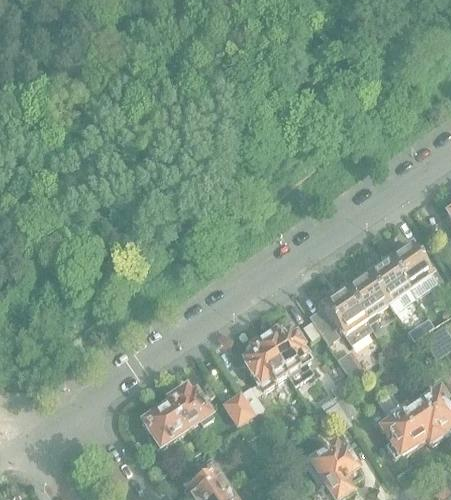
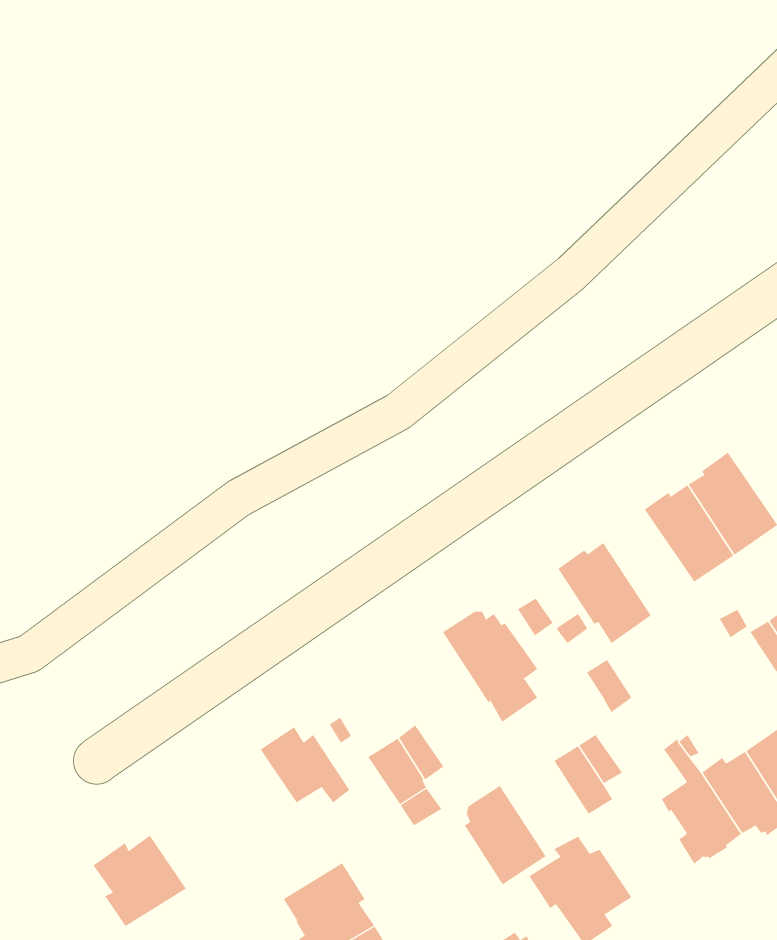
building: [347,271,388,332] -> none
building: [244,335,287,387] -> [464,785,546,885]
building: [140,399,189,447] -> [93,835,187,927]

